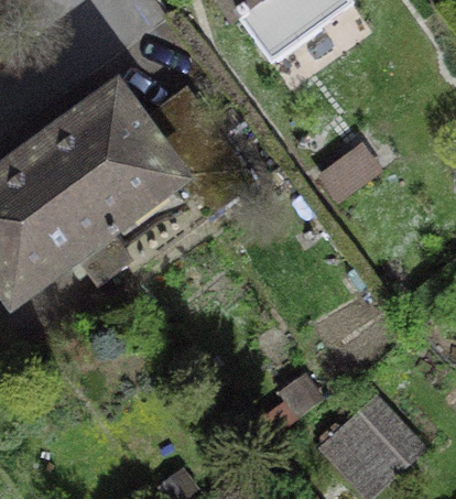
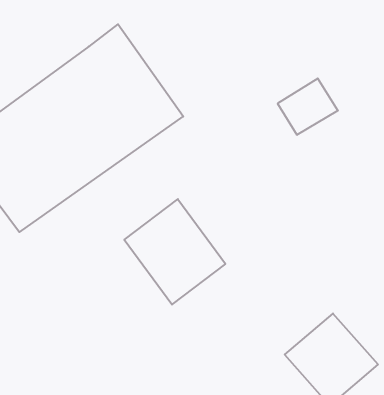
building: none -> [124,199,225,305]

